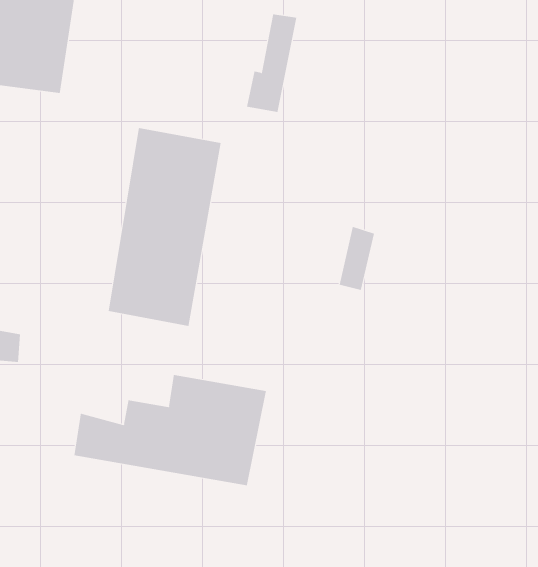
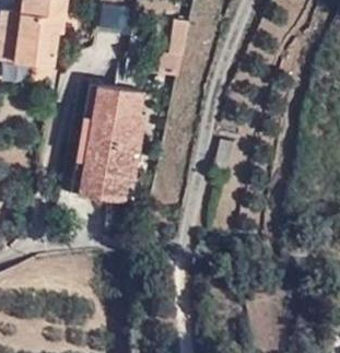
building: [74,374,266,486] -> none

